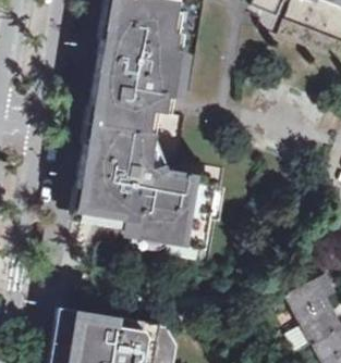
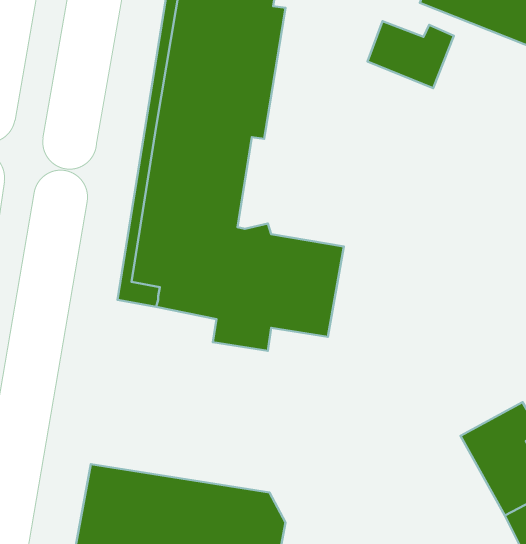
building: none -> [367,21,454,88]

